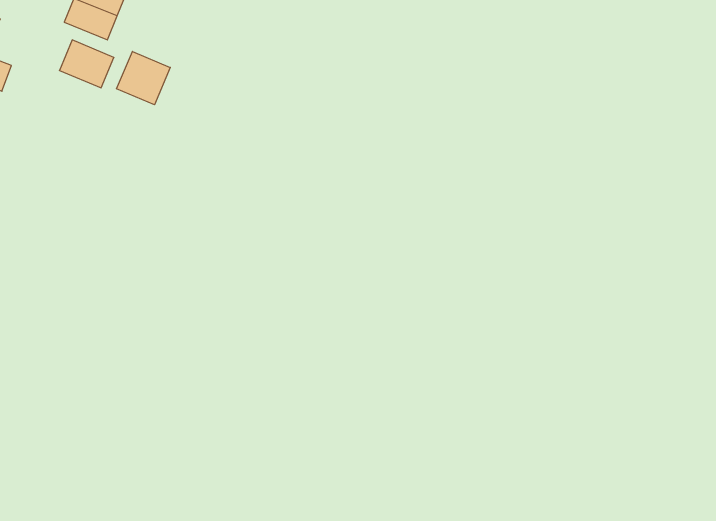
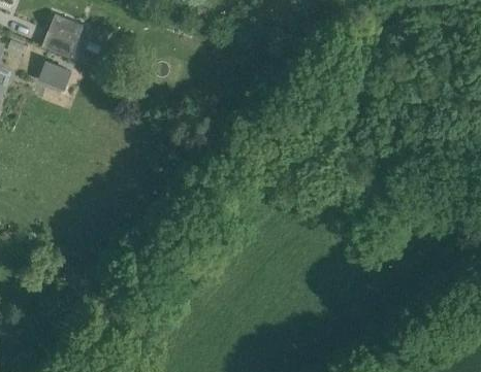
building: [117,51,170,105] -> none

